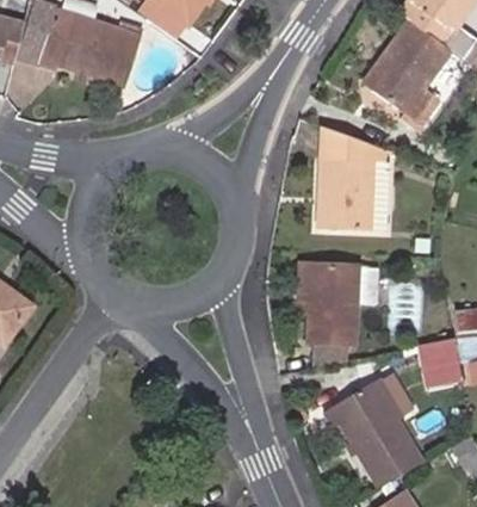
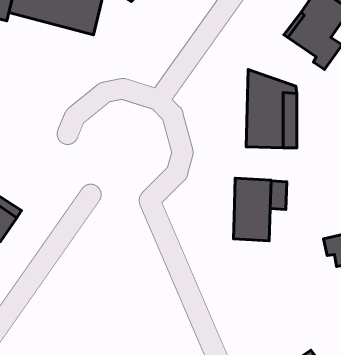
building: [322,375,421,489] -> none

